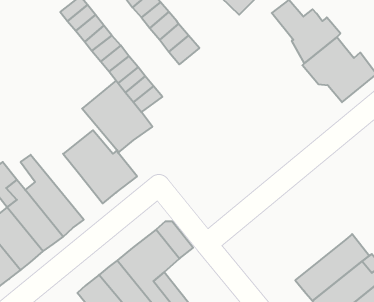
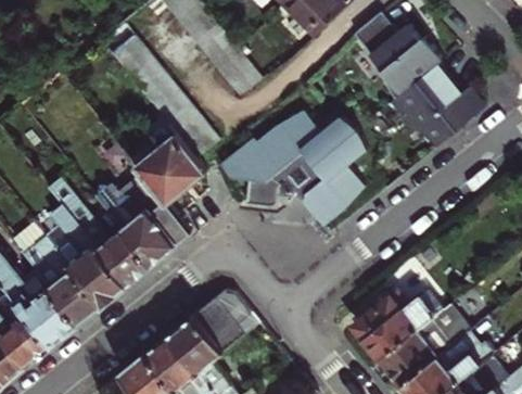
building: none -> [219,109,366,225]
building: none -> [47,180,148,287]
building: none -> [352,293,440,359]

